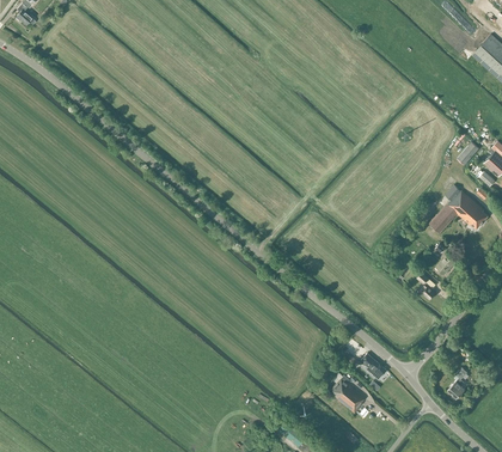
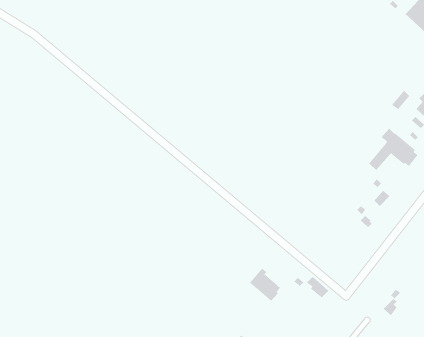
building: [329,374,365,413] -> [249,268,281,302]

